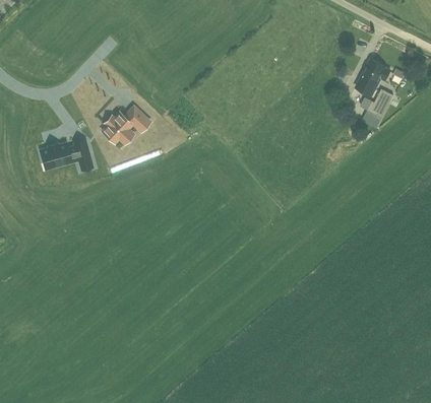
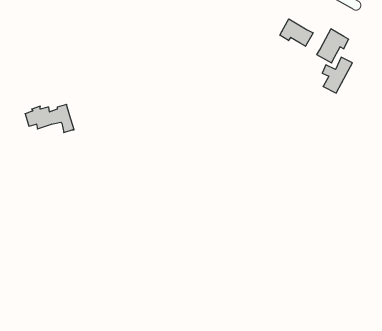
building: none -> [280,19,313,46]
building: [102,107,150,143] -> none

